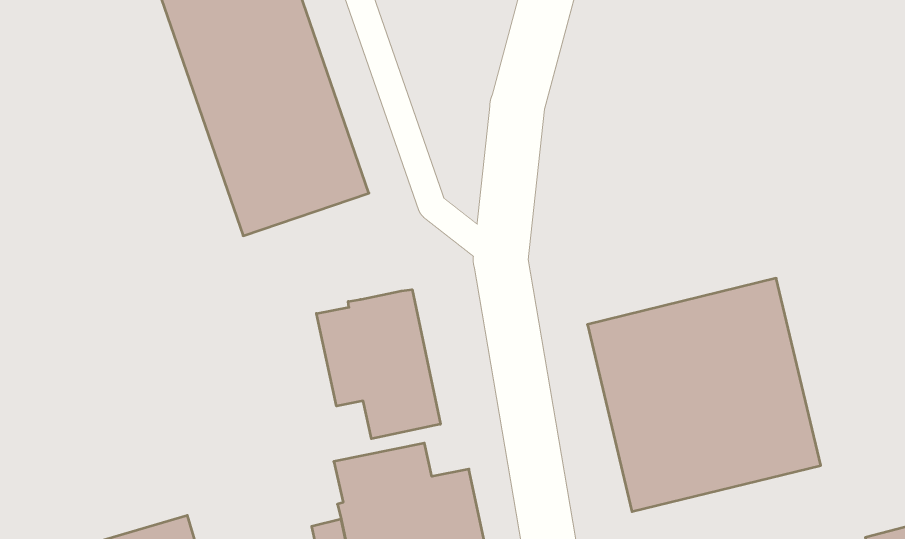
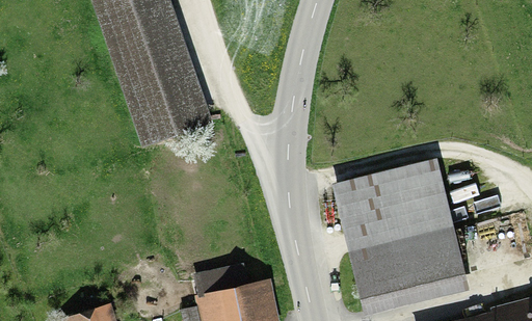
building: [316,290,440,439] -> none

